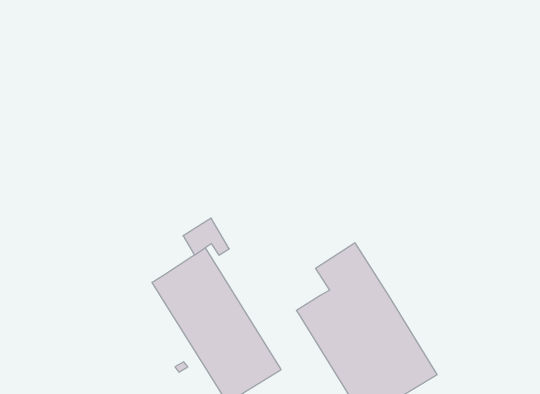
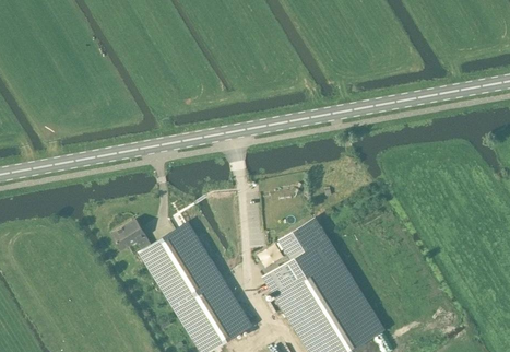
building: [183,218,229,255] -> [112,220,152,251]

